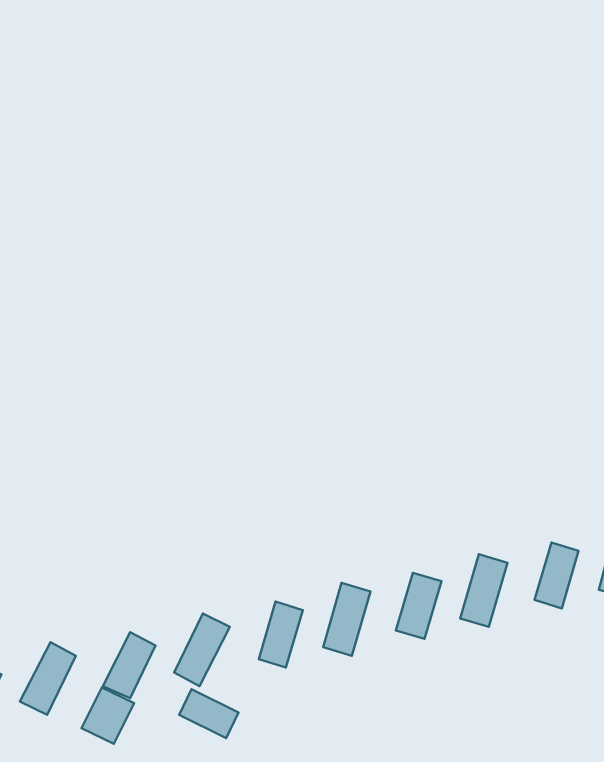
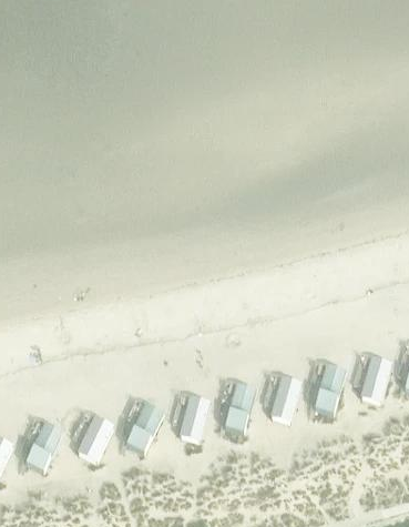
building: [82,688,134,744] -> none
building: [179,689,239,738] -> none

